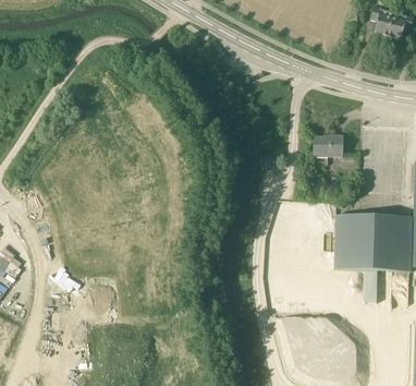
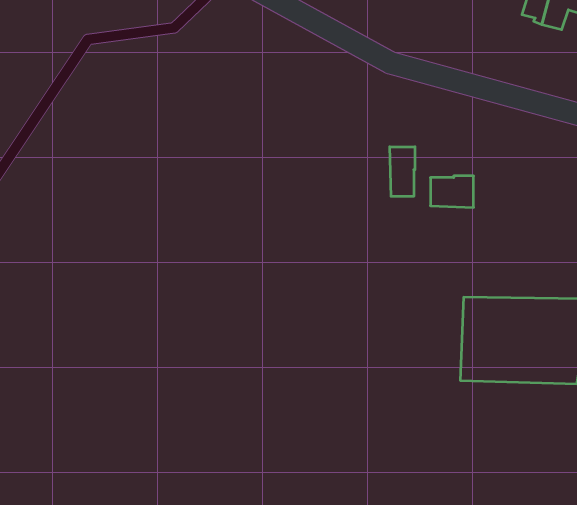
building: none -> [390,147,415,196]

